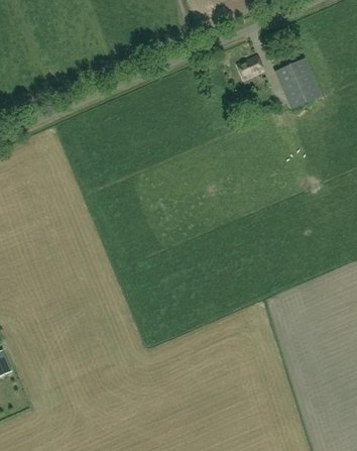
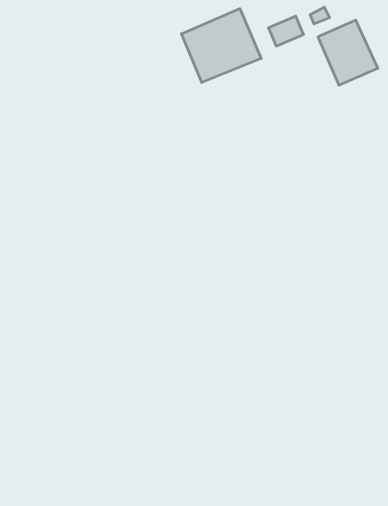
building: none -> [181,9,261,83]

